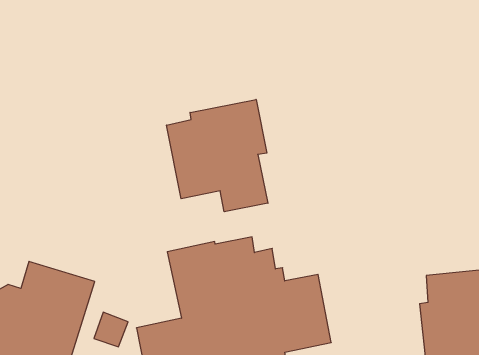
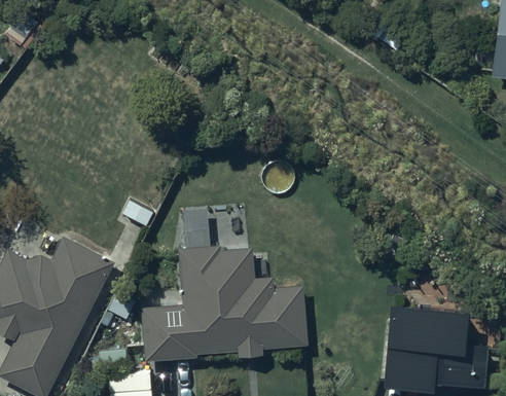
building: [167,99,268,212] -> none

